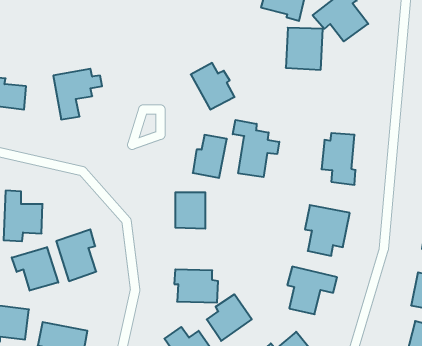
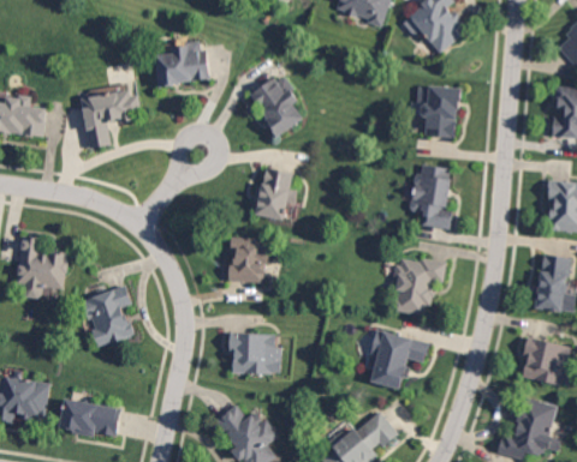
building: [286,28,323,70] -> [415,86,460,138]
building: none -> [156,43,207,85]
building: [233,120,279,177] -> none
building: [12,247,58,291] -> none
building: [207,294,252,341] -> none

